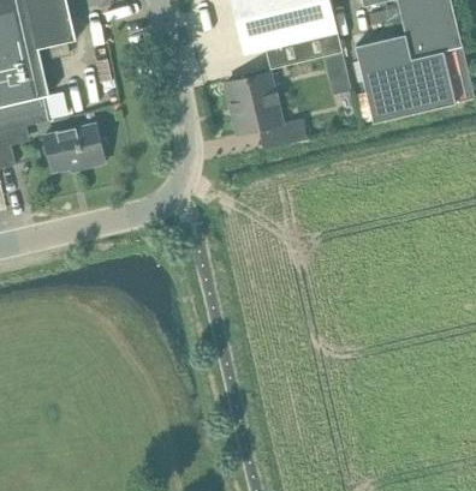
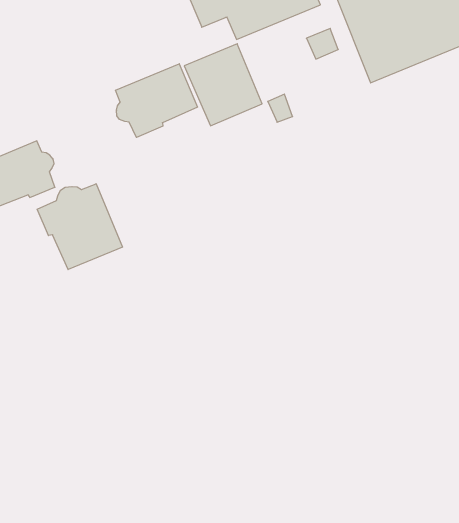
building: none -> [116,64,197,137]
building: none -> [37,184,122,270]

